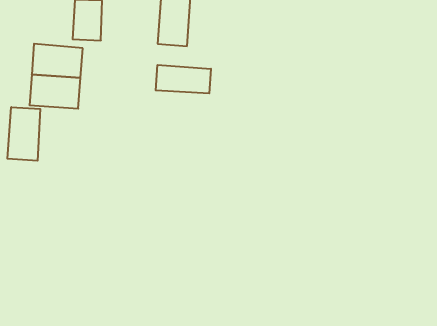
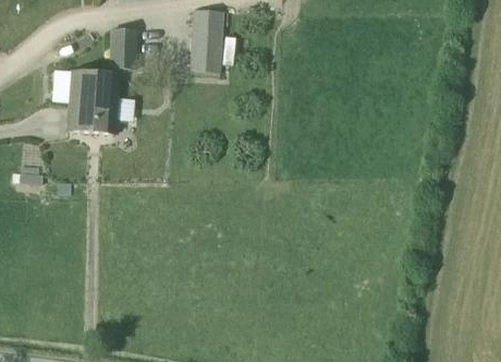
building: [156,65,211,93] -> none
building: [7,107,40,161] -> none

